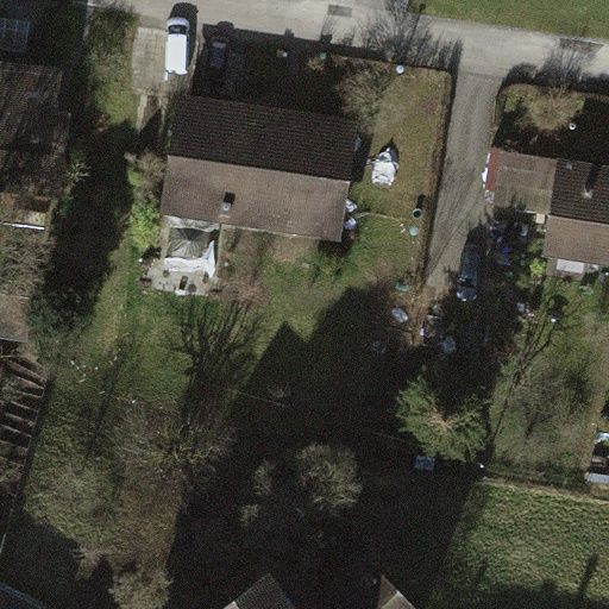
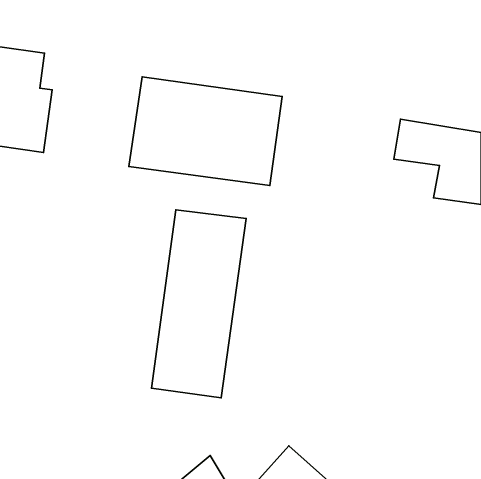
building: none -> [151,210,246,398]

